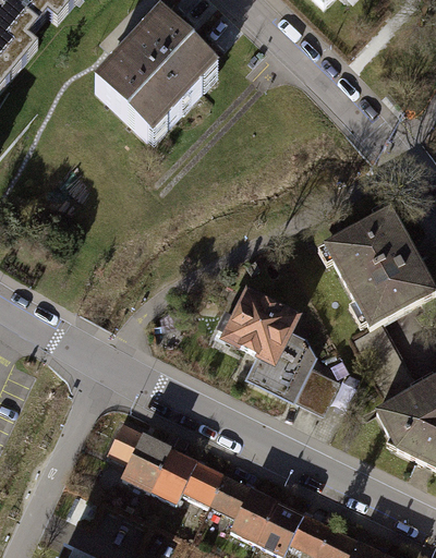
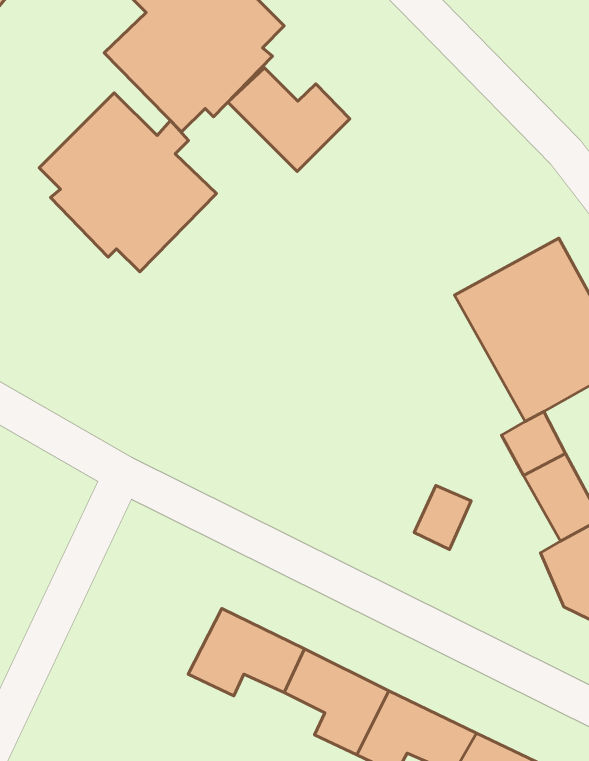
building: none -> [228,68,350,171]
building: none -> [39,93,217,272]
building: [216,293,310,396] -> none
building: [109,425,171,490] -> none

